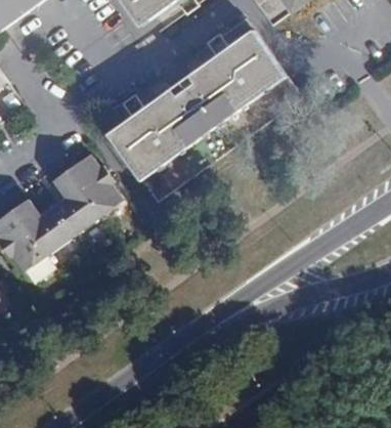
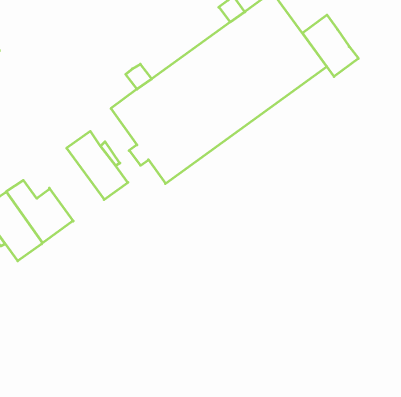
building: none -> [302,15,358,77]
building: [49,170,99,236] -> none

